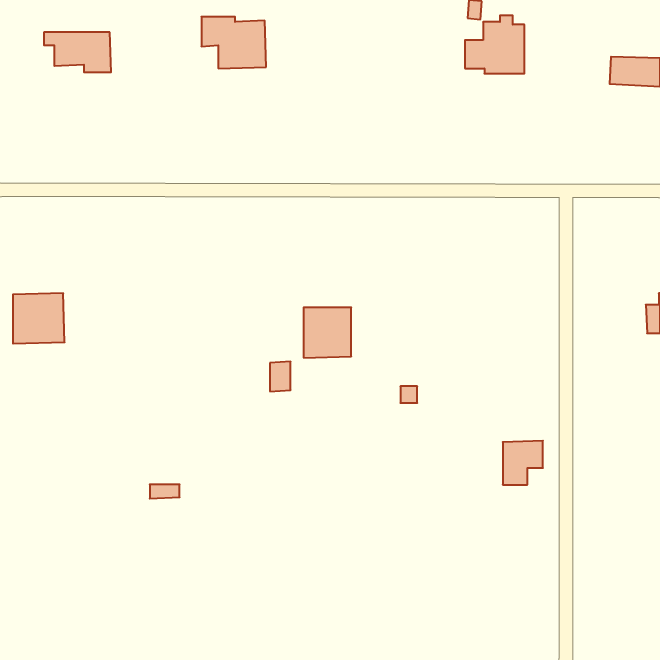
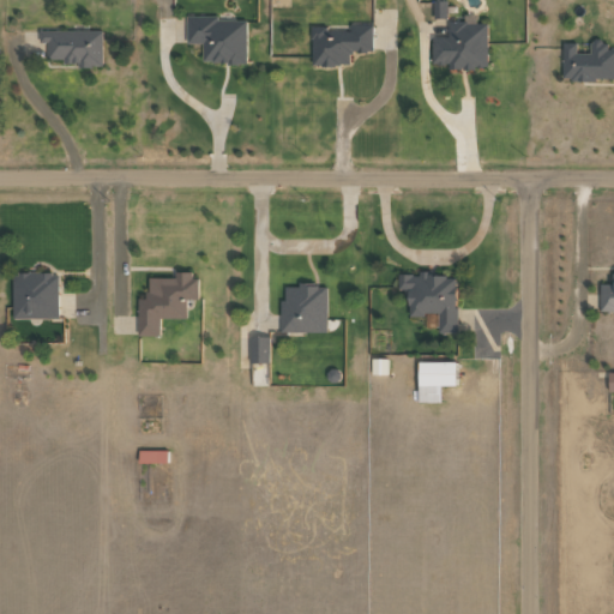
building: none -> [312,25,373,65]
building: none -> [138,271,197,336]
building: none -> [398,273,457,332]
building: [503,441,543,485] -> [419,361,456,402]

